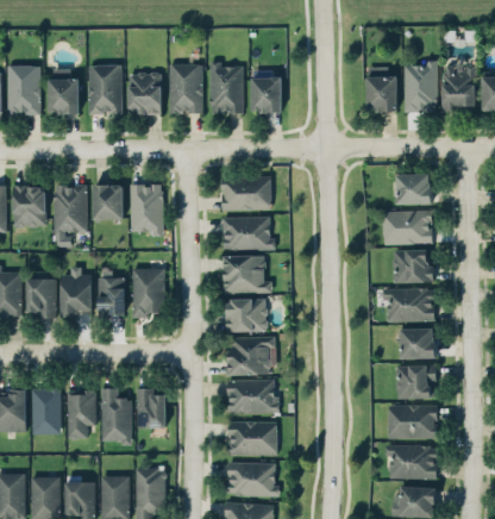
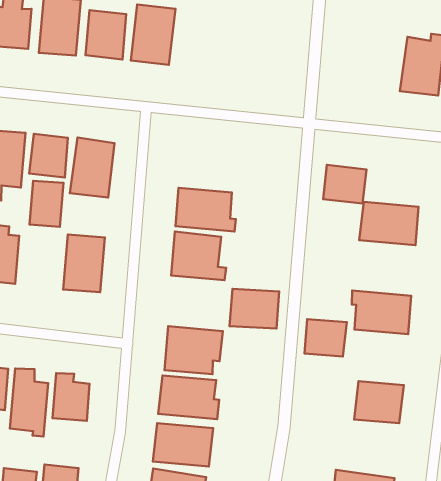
building: [209,62,243,114] -> none
building: [366,68,397,112] -> none
building: [251,77,282,113] -> none
building: [396,175,431,205] -> [323,165,367,204]
building: [221,176,271,211] -> none
building: [393,250,433,283] -> none
building: [98,277,125,317] -> [30,181,63,227]
building: [225,299,267,333] -> [230,289,279,329]
building: [400,329,434,359] -> [305,319,347,356]
building: [387,405,437,440] -> none

